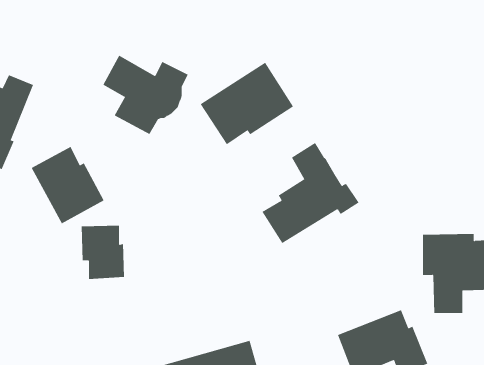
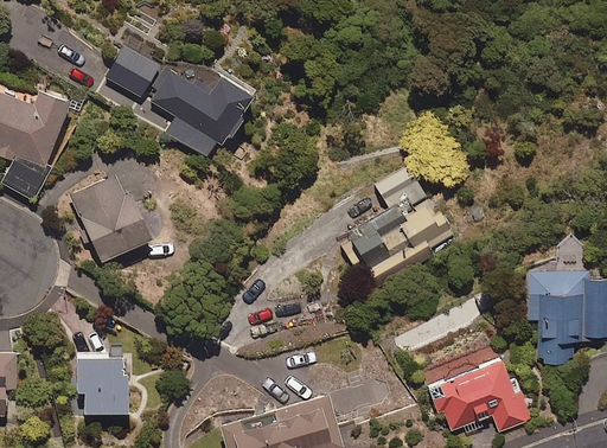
building: none -> [107,44,161,98]
building: [200,62,294,145] -> none
building: [81,225,125,279] -> [78,350,129,412]

